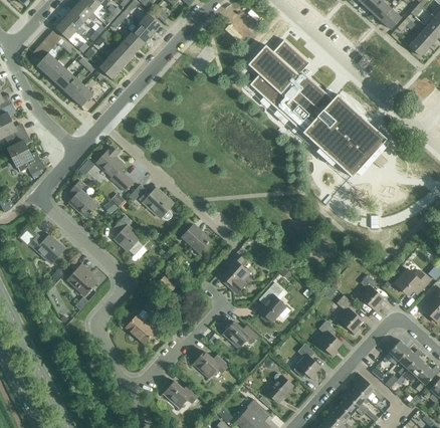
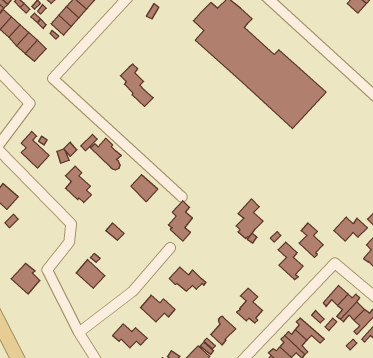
building: [99,148,134,192] -> [120,64,153,106]
building: [66,264,96,296] -> [11,263,40,294]
building: [258,282,286,324] -> [236,199,263,238]
building: [317,320,342,358] -> none

